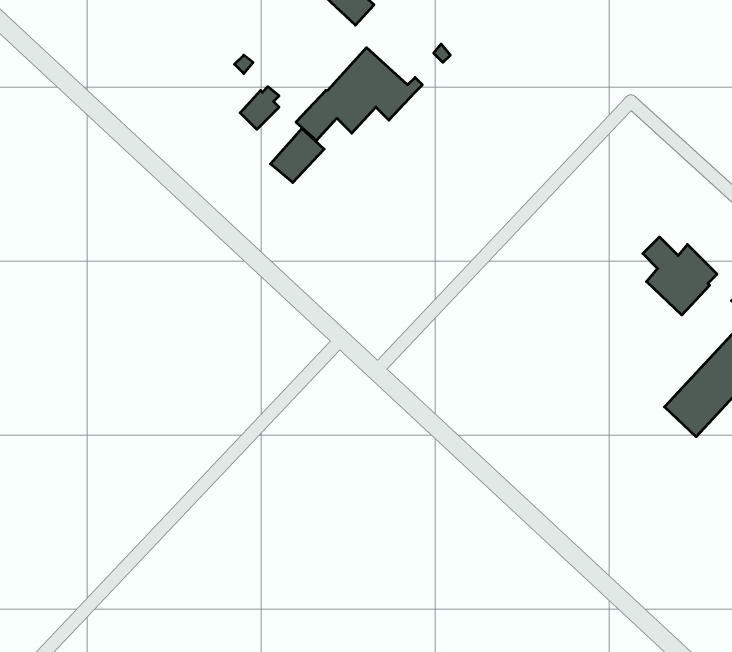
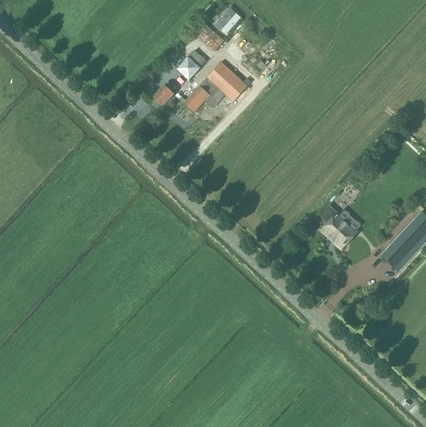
building: [270,129,324,183] -> [176,50,205,79]
building: [643,237,717,315] -> [319,206,359,248]

